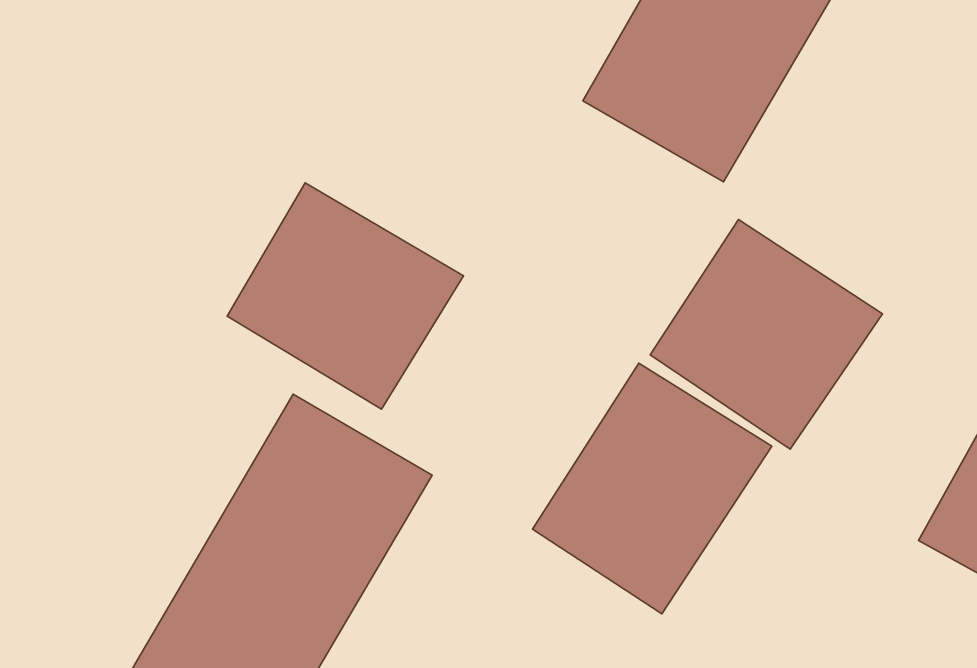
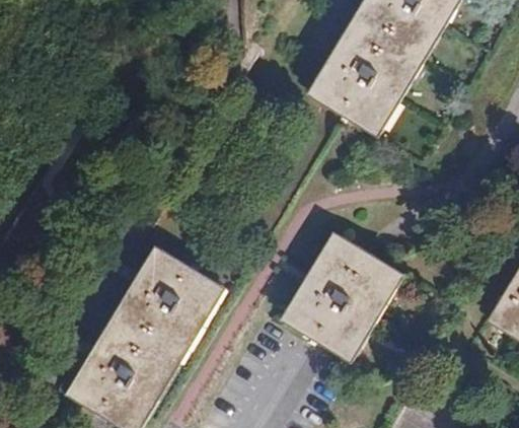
building: [227,183,464,409] -> none
building: [650,220,883,449] -> none

